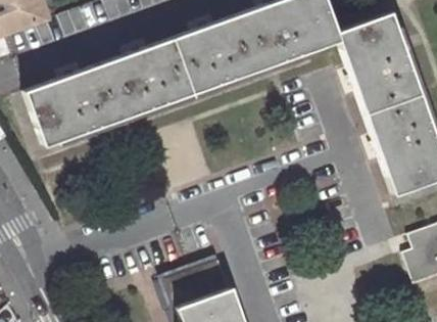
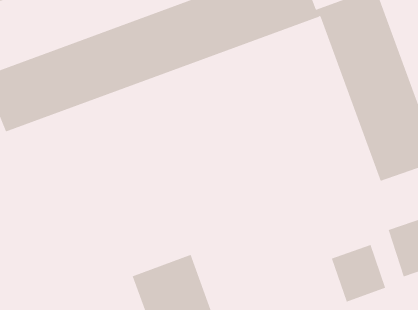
building: none -> [331,244,386,302]

